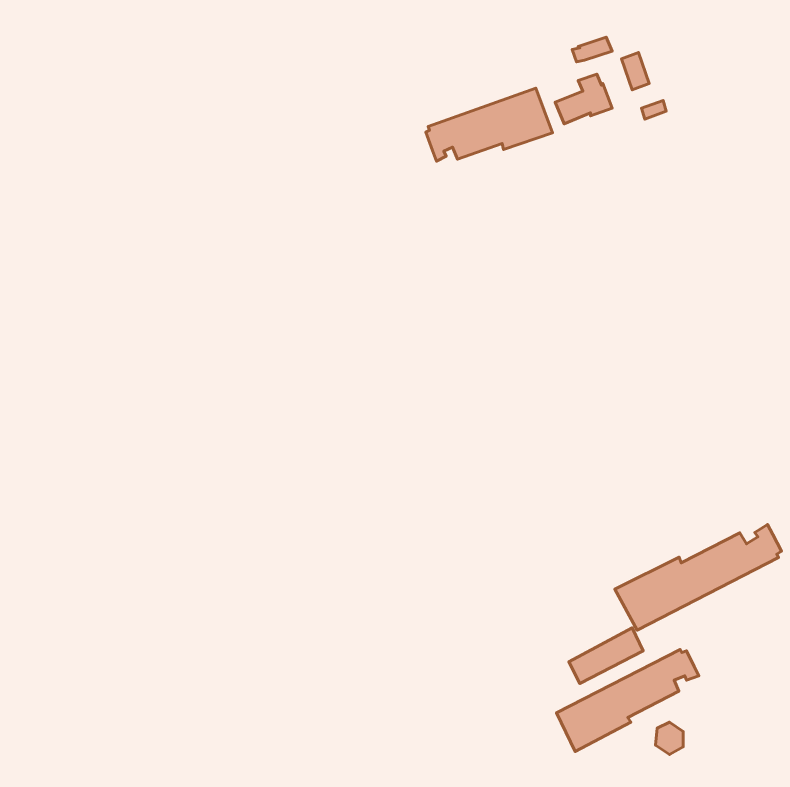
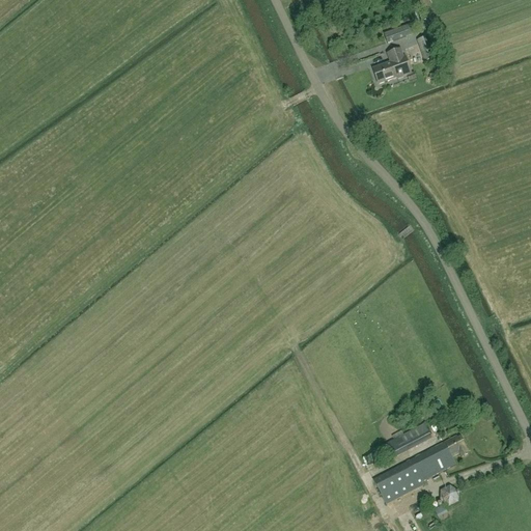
building: [426,88,553,161] -> none
building: [615,524,781,630] -> none

